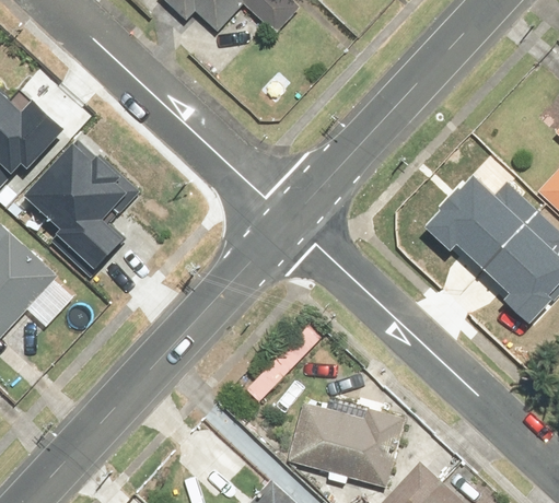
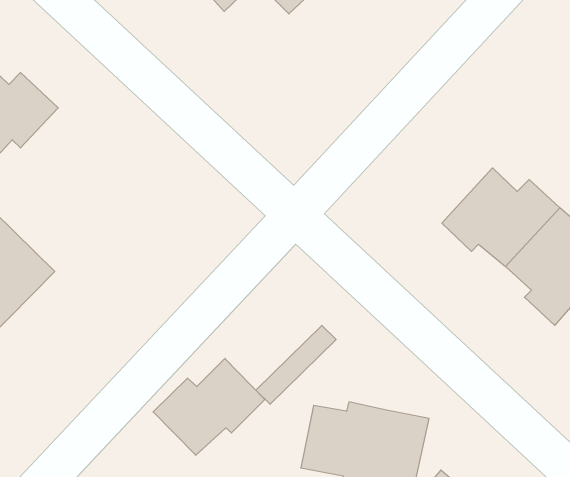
building: [27,140,127,262] -> none
building: none -> [153,358,265,455]

